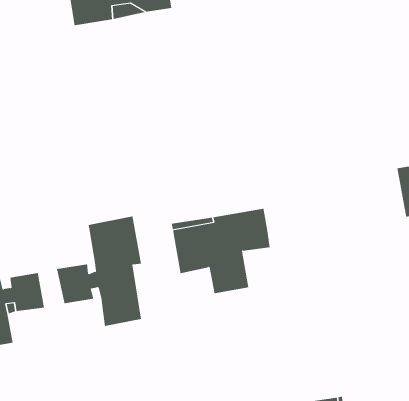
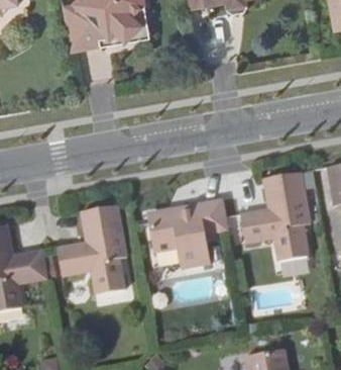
building: none -> [240,172,308,260]

